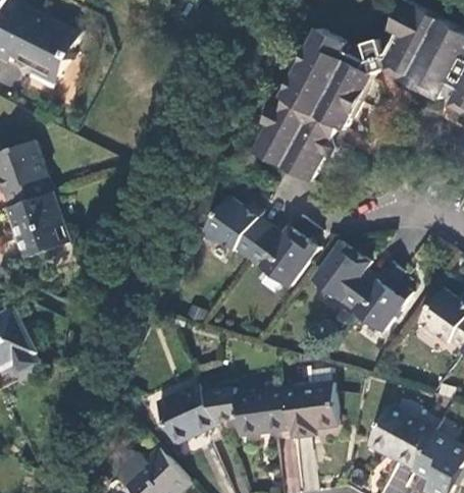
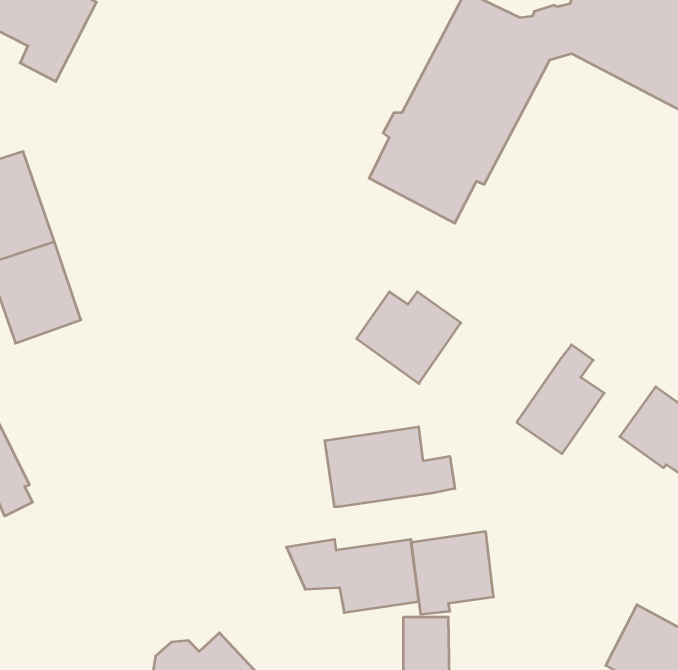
building: [203,198,268,257] -> none
building: [311,249,380,310] -> none
building: none -> [325,427,455,507]
building: [155,383,216,445] -> none
building: [368,406,431,469] -> none

